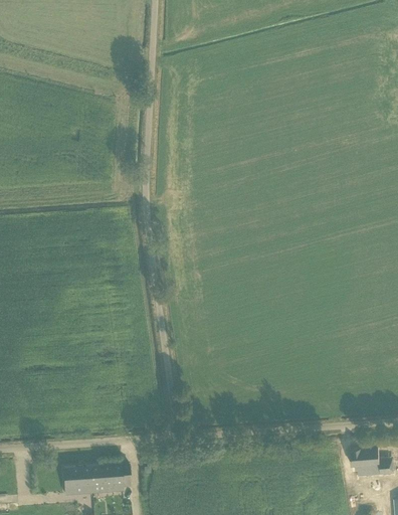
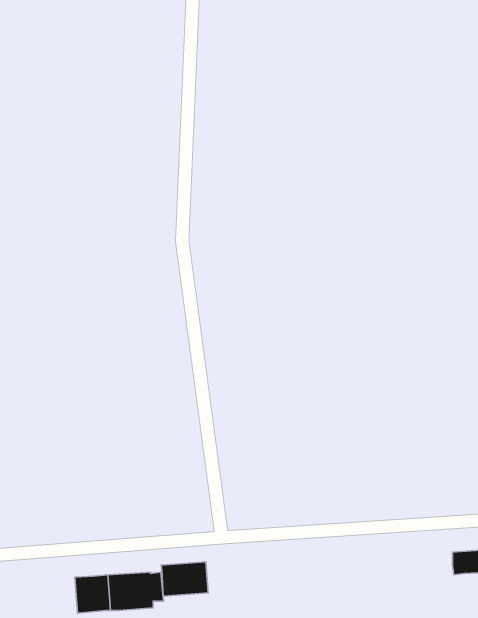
building: none -> [161,562,208,596]

